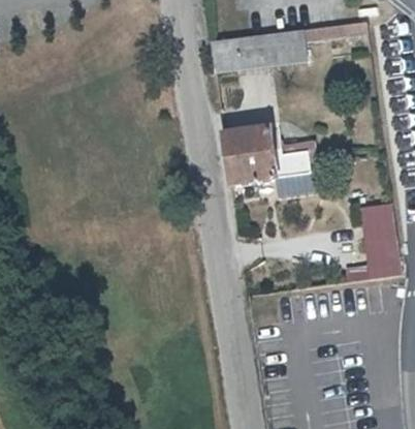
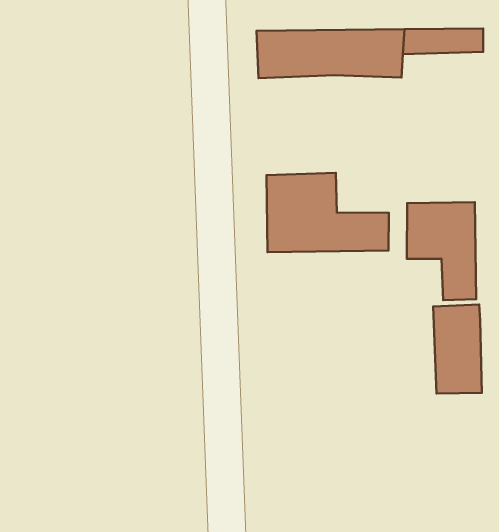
building: none -> [407,202,476,300]

